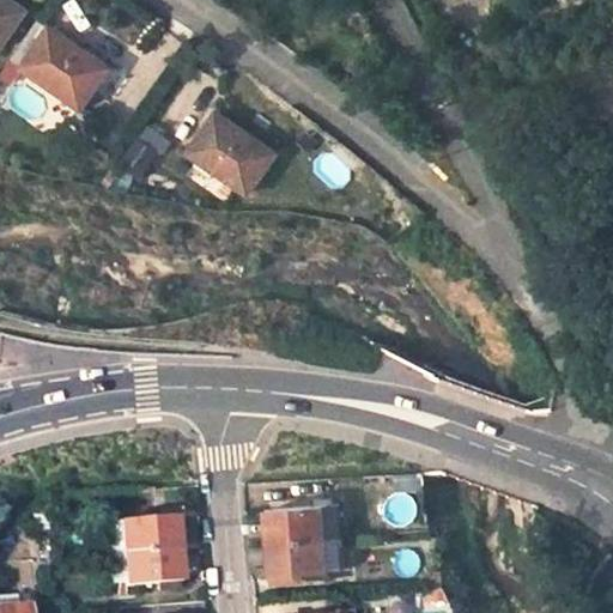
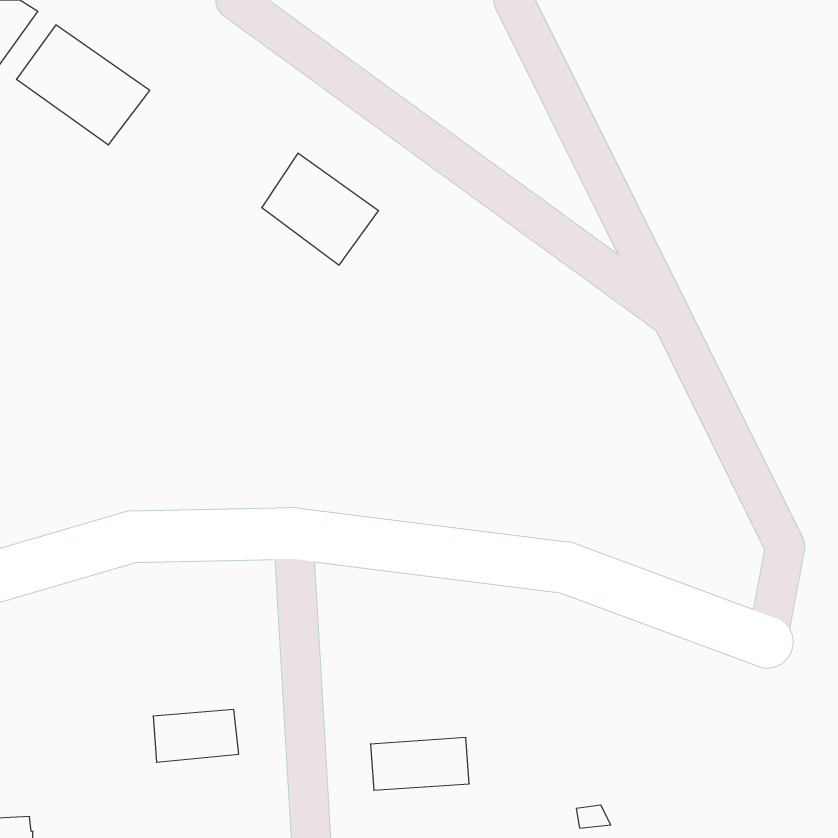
building: [267,508,339,544] -> none
building: [114,551,176,589] -> none

